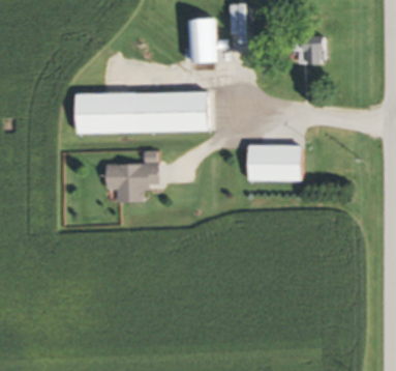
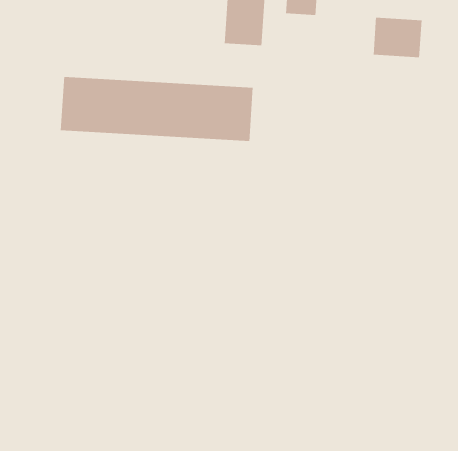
building: [249,146,303,180] -> none
building: [103,162,159,201] -> none

